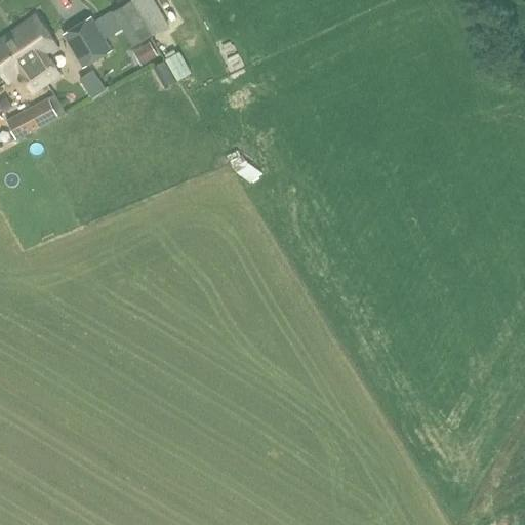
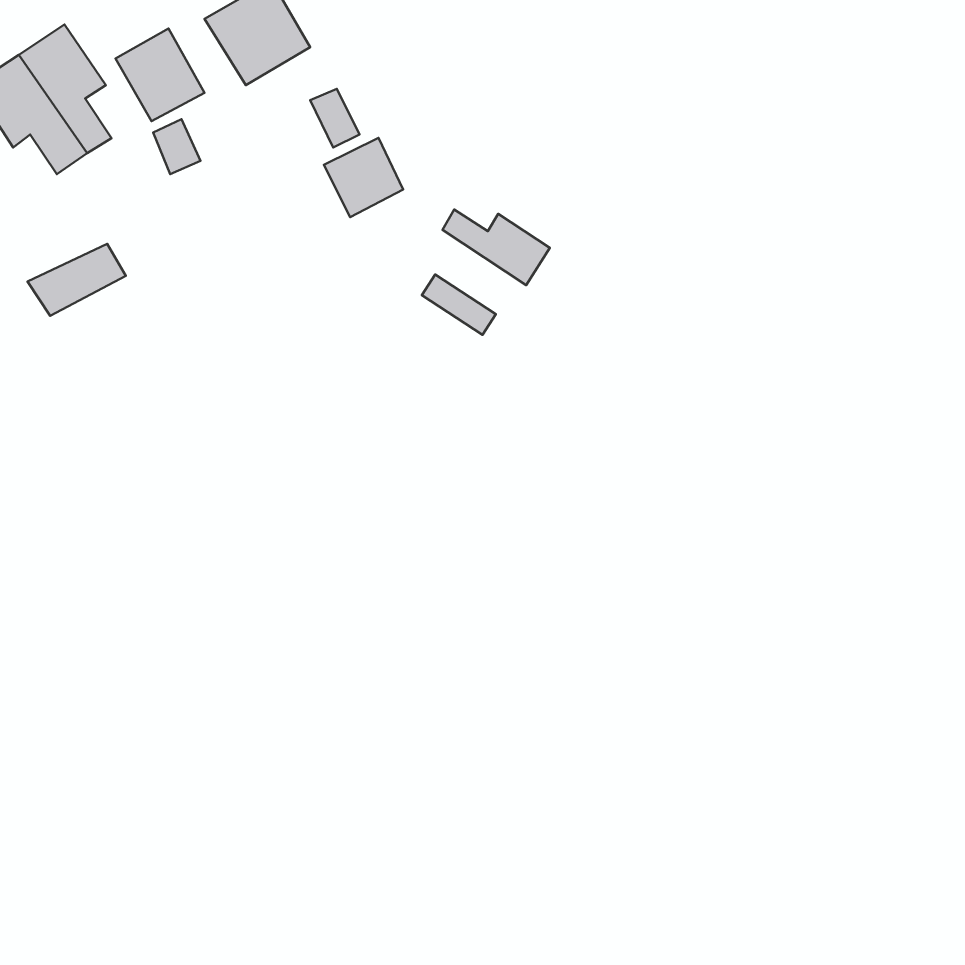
building: none -> [324,138,403,217]
building: [4,98,57,137] -> [28,244,126,316]
building: none -> [442,210,550,285]

